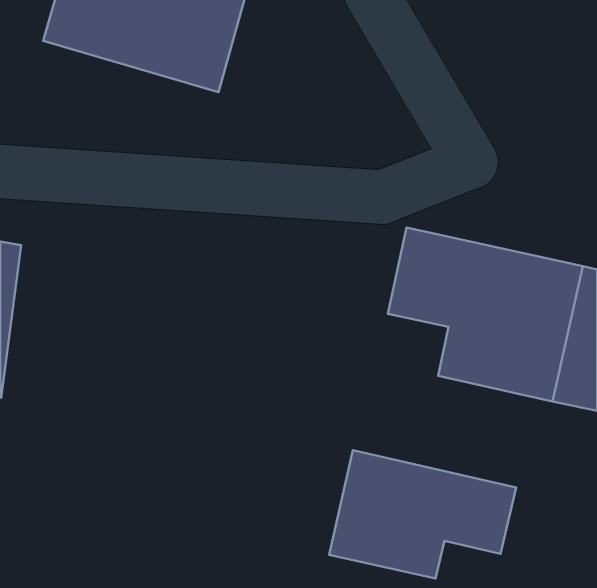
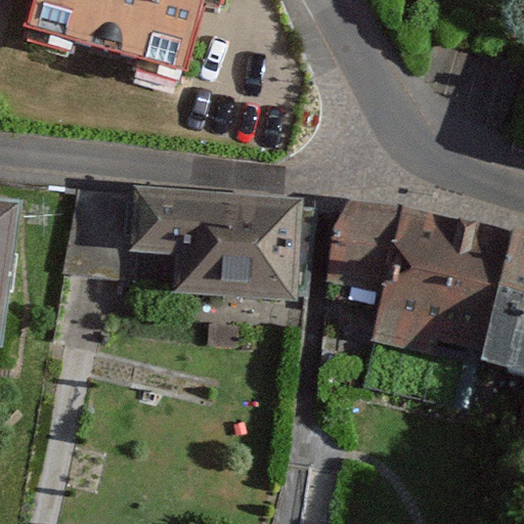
building: none -> [75,189,303,293]
building: [329,450,516,578] -> none

